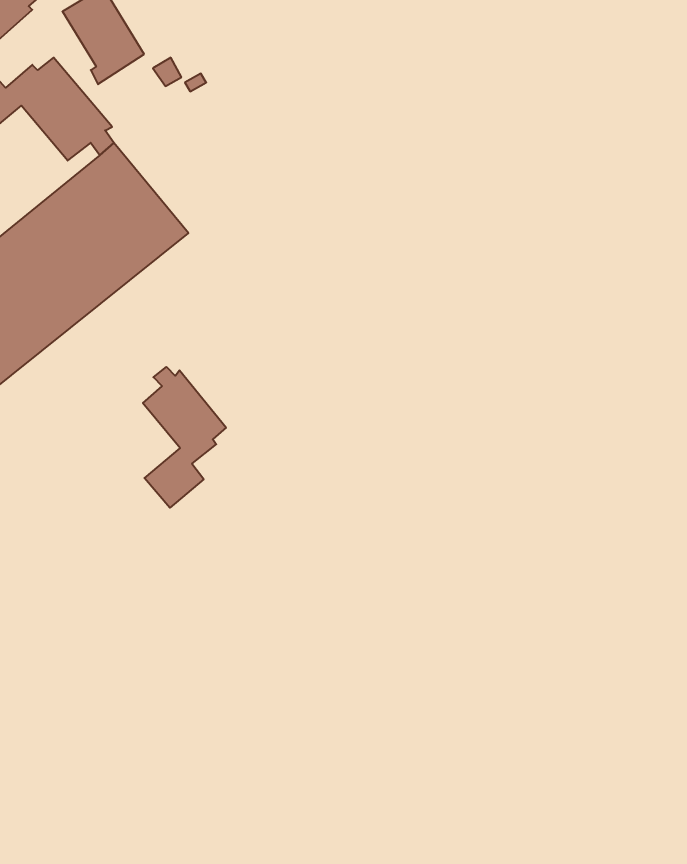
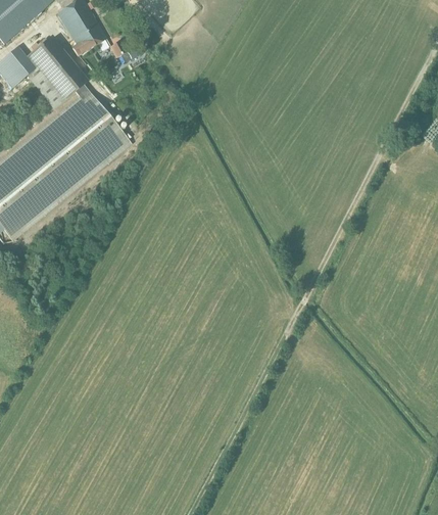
building: [143,367,226,508] -> none

